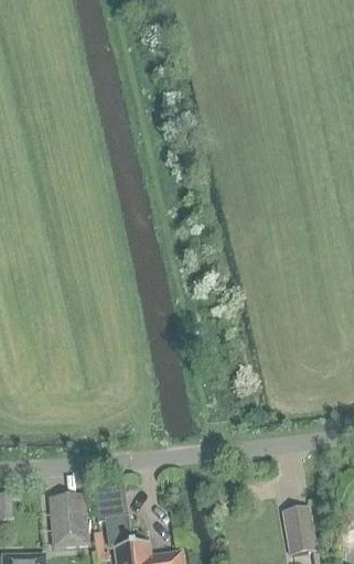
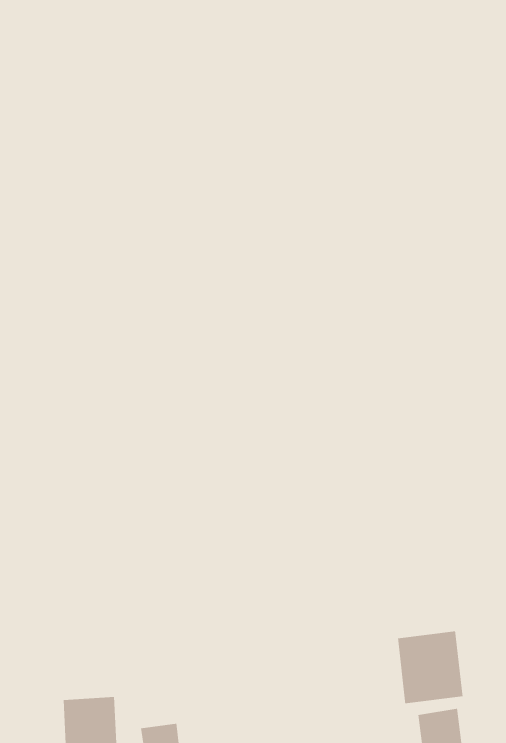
building: none -> [397,631,463,704]

